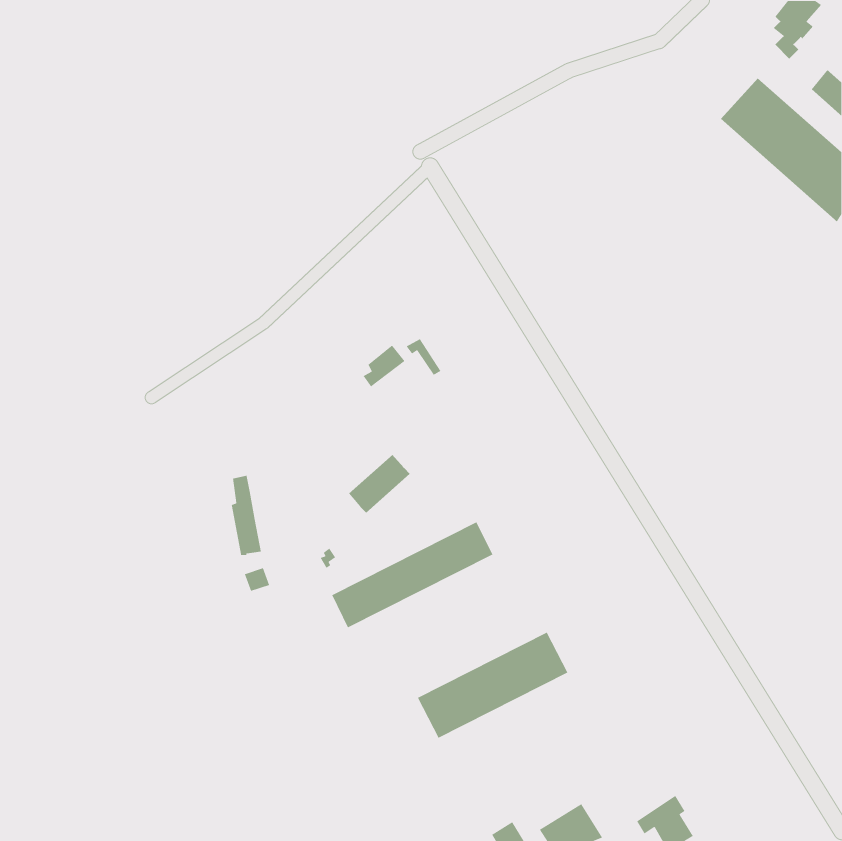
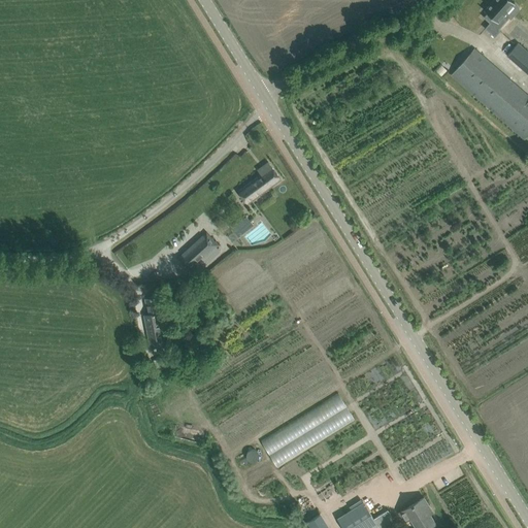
building: none -> [238,163,280,205]
building: [348,454,411,513] -> [178,233,218,270]
building: [331,521,493,629] -> none

